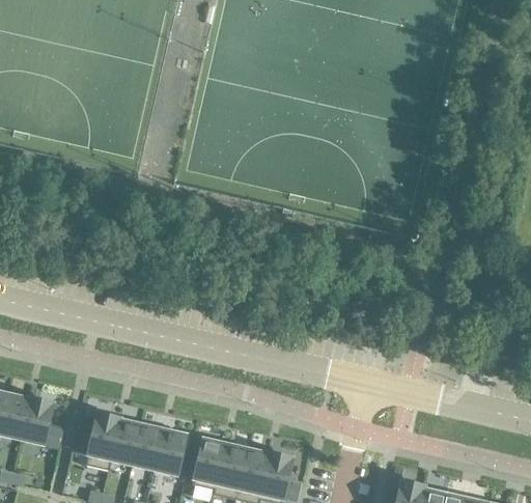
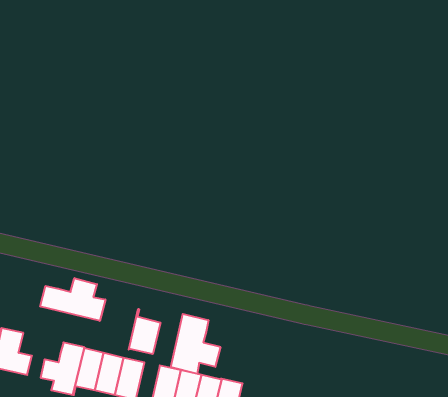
building: none -> [40,278,105,321]
building: none -> [129,309,160,354]
building: none -> [171,314,220,374]

